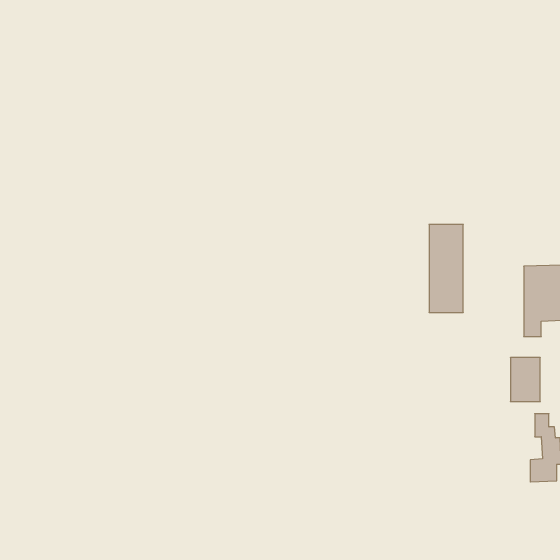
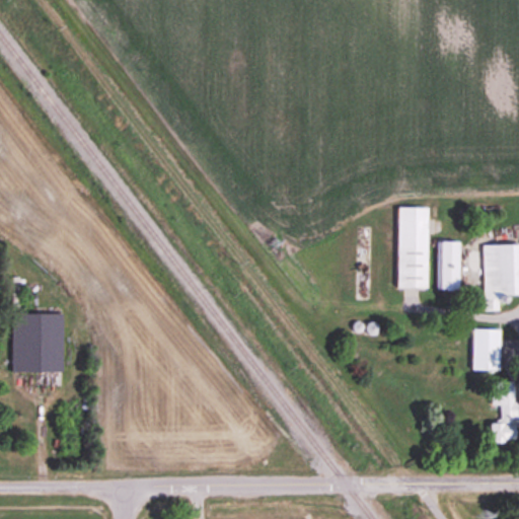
building: none -> [438,240,460,290]
building: none -> [13,313,64,371]

